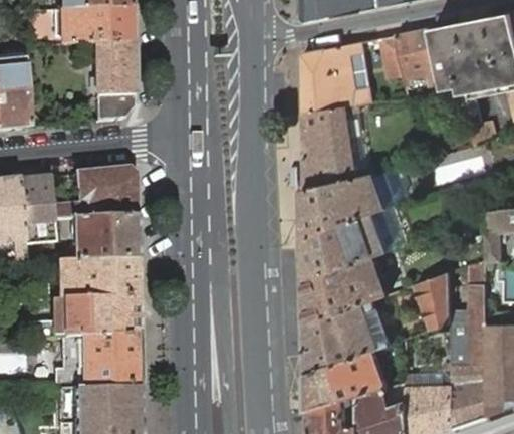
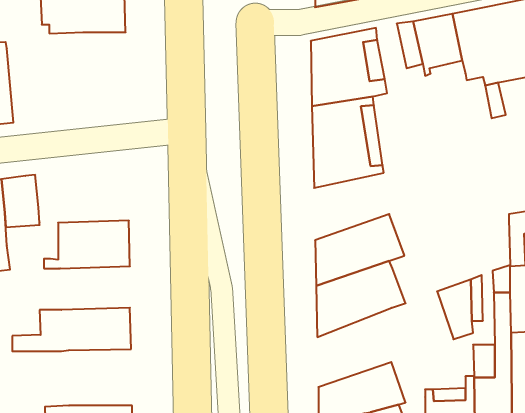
building: [92,45,134,123] -> none
building: [52,169,136,221] -> none
building: [306,174,388,237] -> none
building: [51,261,137,301] -> none
building: [309,299,393,373] -> none
building: [35,338,139,391] -> none

